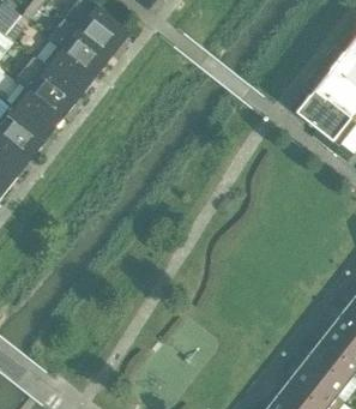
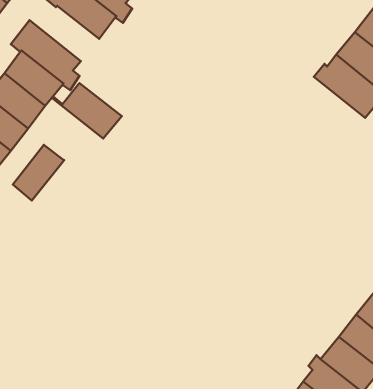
building: [32,43,96,94] -> [52,83,122,139]
building: none -> [13,145,64,200]

